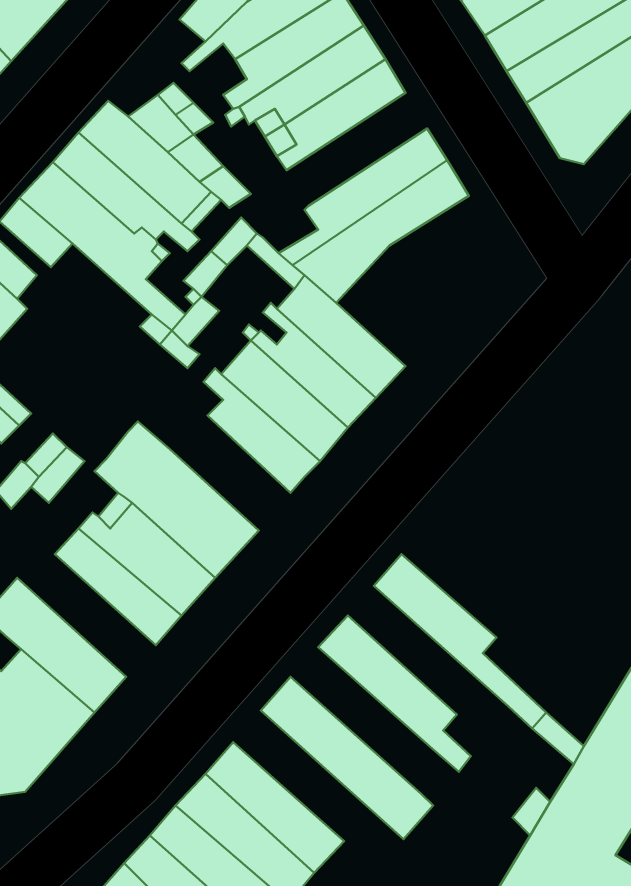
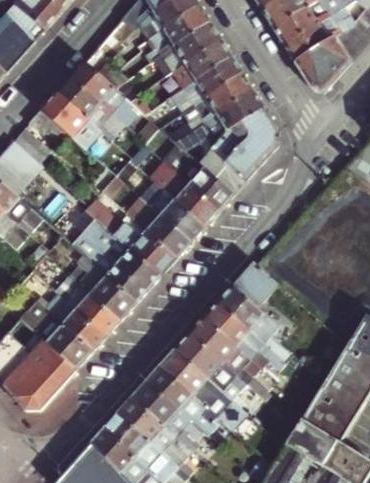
building: none -> [173,56,244,113]
building: none -> [198,108,278,194]
building: none -> [85,198,175,277]
building: none -> [231,266,277,311]
building: none -> [34,283,107,351]
building: none -> [204,305,285,373]
building: none -> [175,336,244,410]
building: none -> [146,368,221,439]

